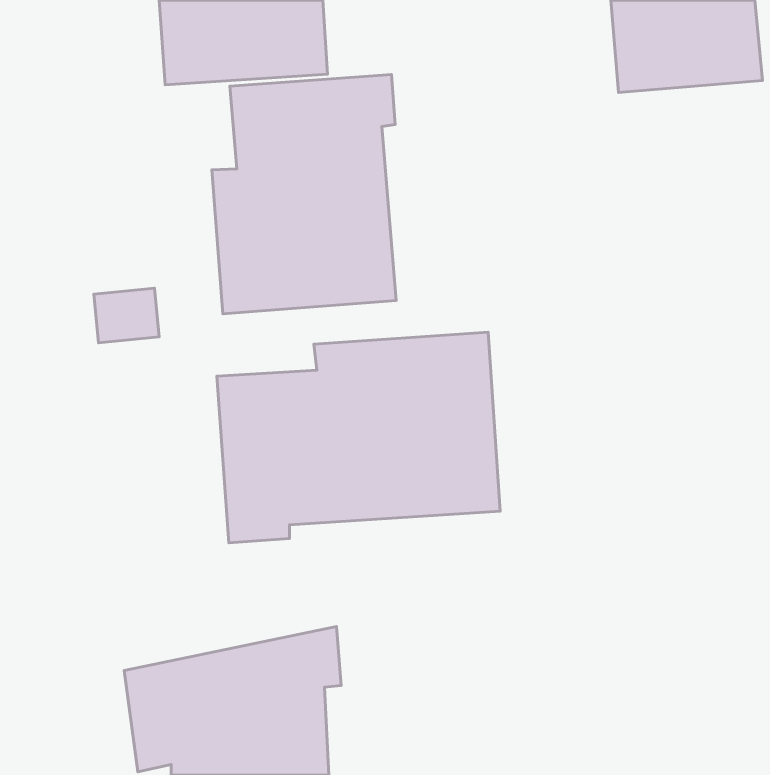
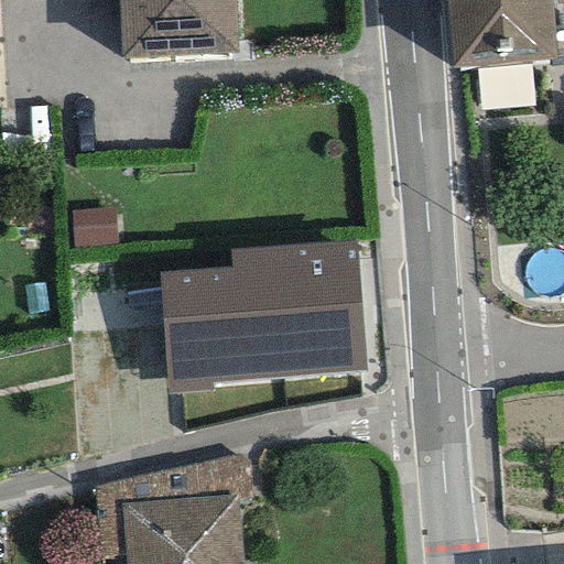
building: [212,74,396,314] -> none

